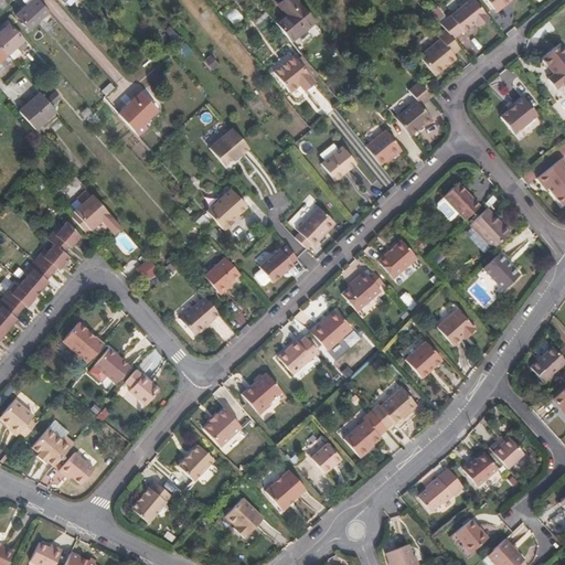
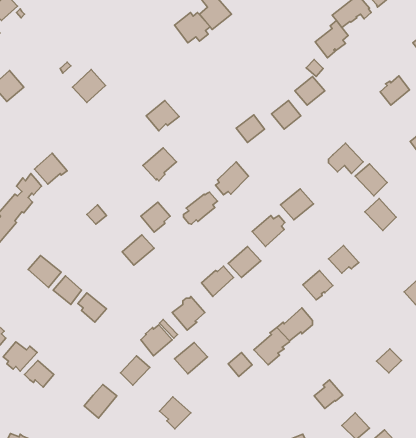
building: [274,55,318,93] -> [174,13,210,43]
building: [466,454,501,488] -> none
building: [265,469,306,508] -> [175,343,207,374]

